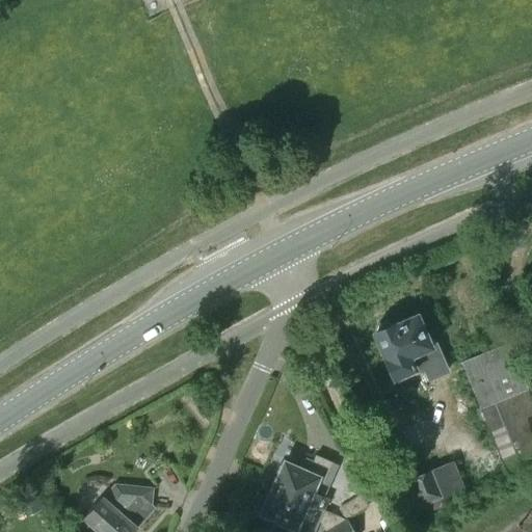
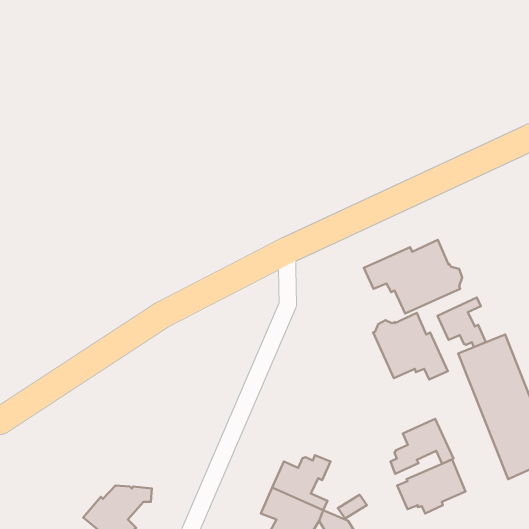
building: none -> [364,240,462,314]
building: none -> [438,298,486,347]
building: none -> [390,419,454,474]

